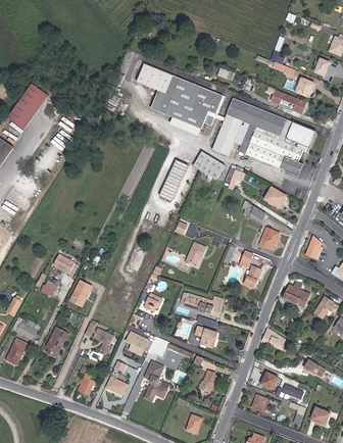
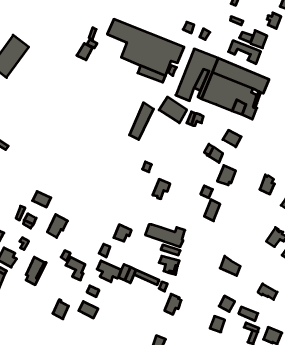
building: [282,281,309,307] -> none
building: [144,360,168,400] -> none

